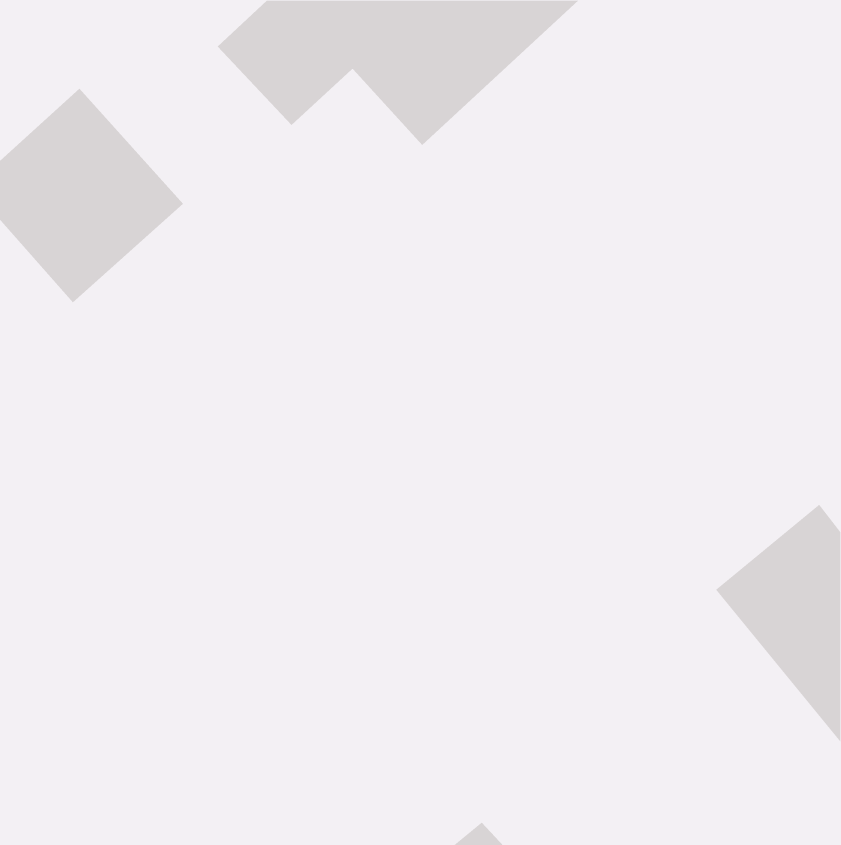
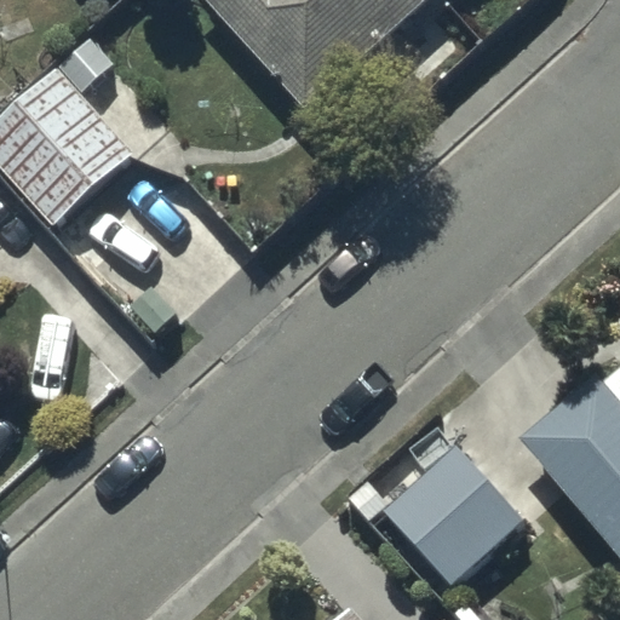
building: none -> [381,442,524,585]

